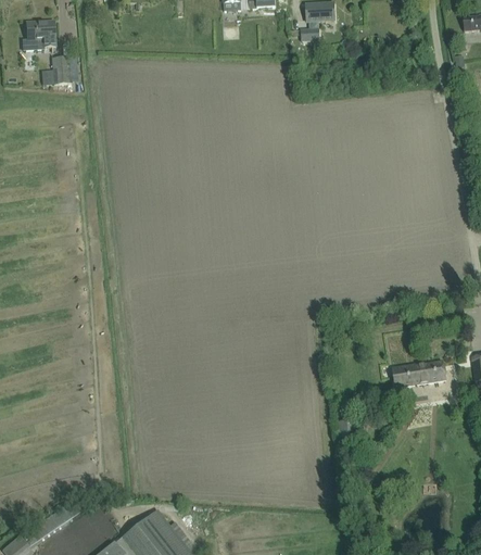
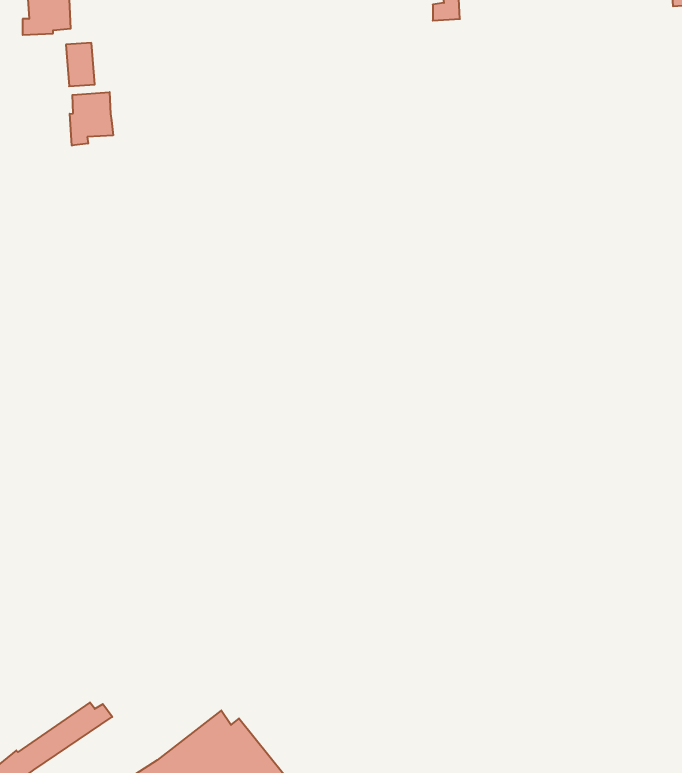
building: none -> [70,92,113,146]
building: [391,361,445,387] -> none

